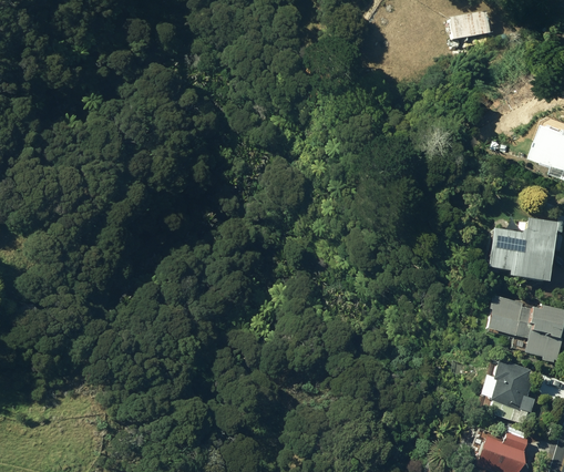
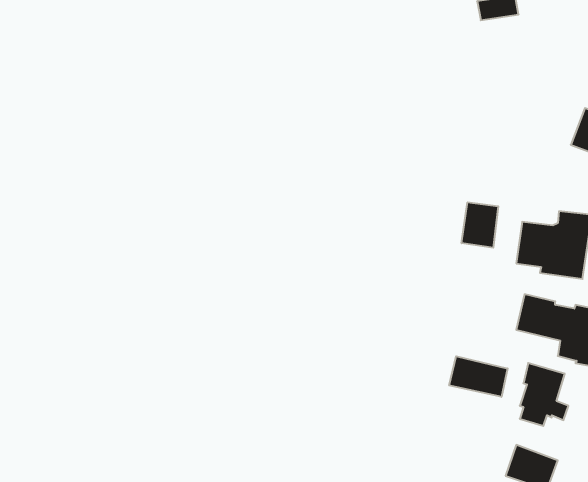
building: none -> [462,202,498,248]
building: none -> [449,356,508,397]

